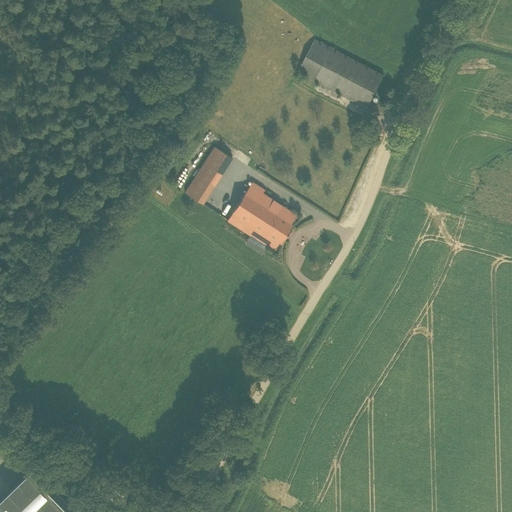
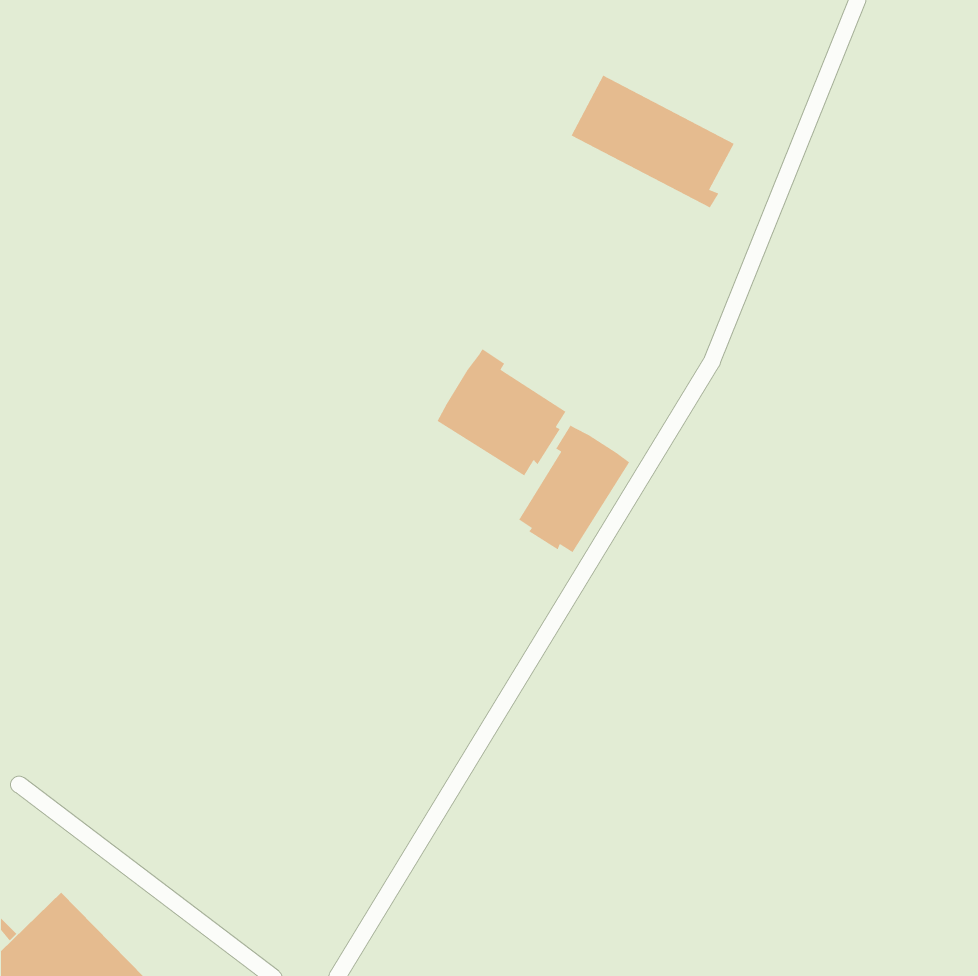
building: [184,147,232,206] -> none
building: none -> [518,424,630,553]

